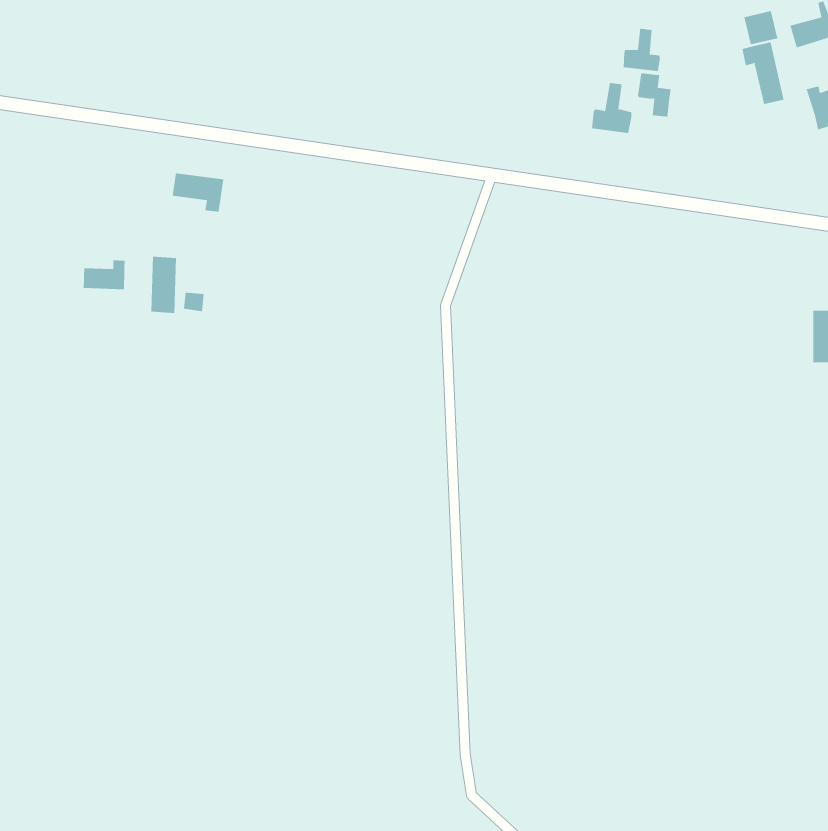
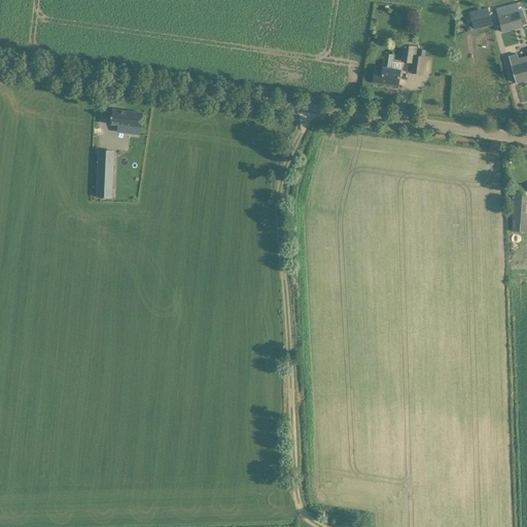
building: [623,28,660,72] -> none
building: [742,41,784,105] -> none
building: [83,259,125,290] -> none

